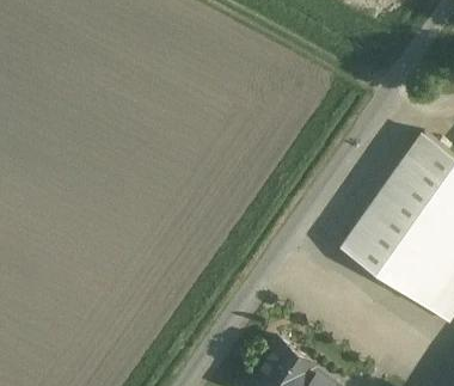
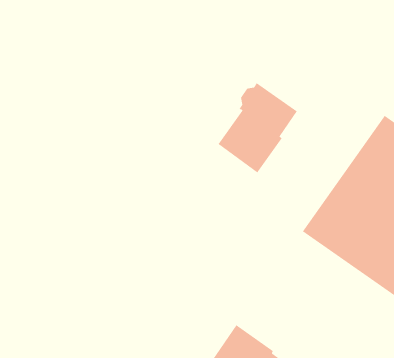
building: none -> [217,82,298,174]

